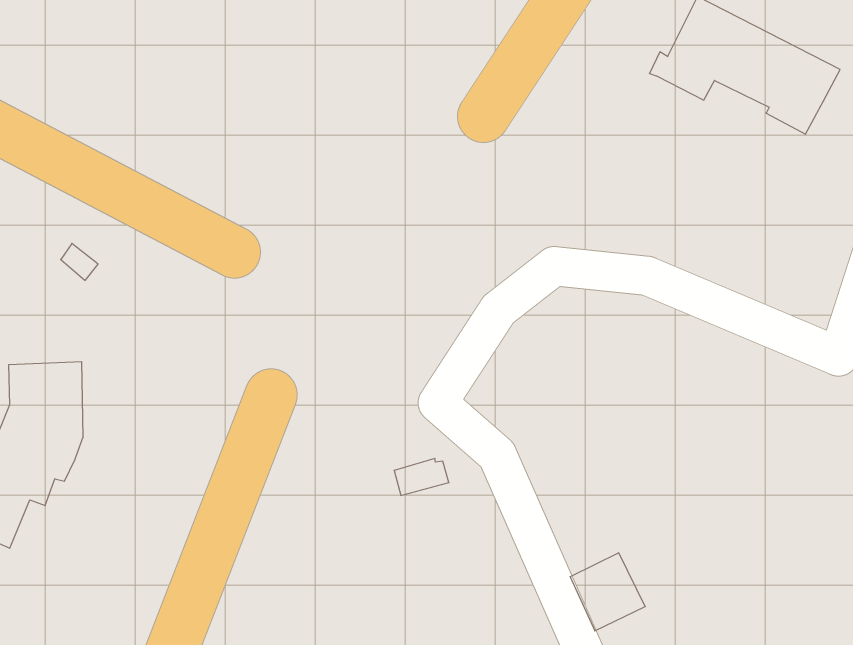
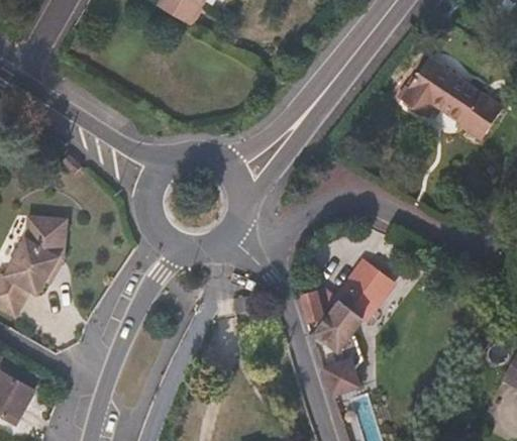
building: none -> [300,258,395,353]

